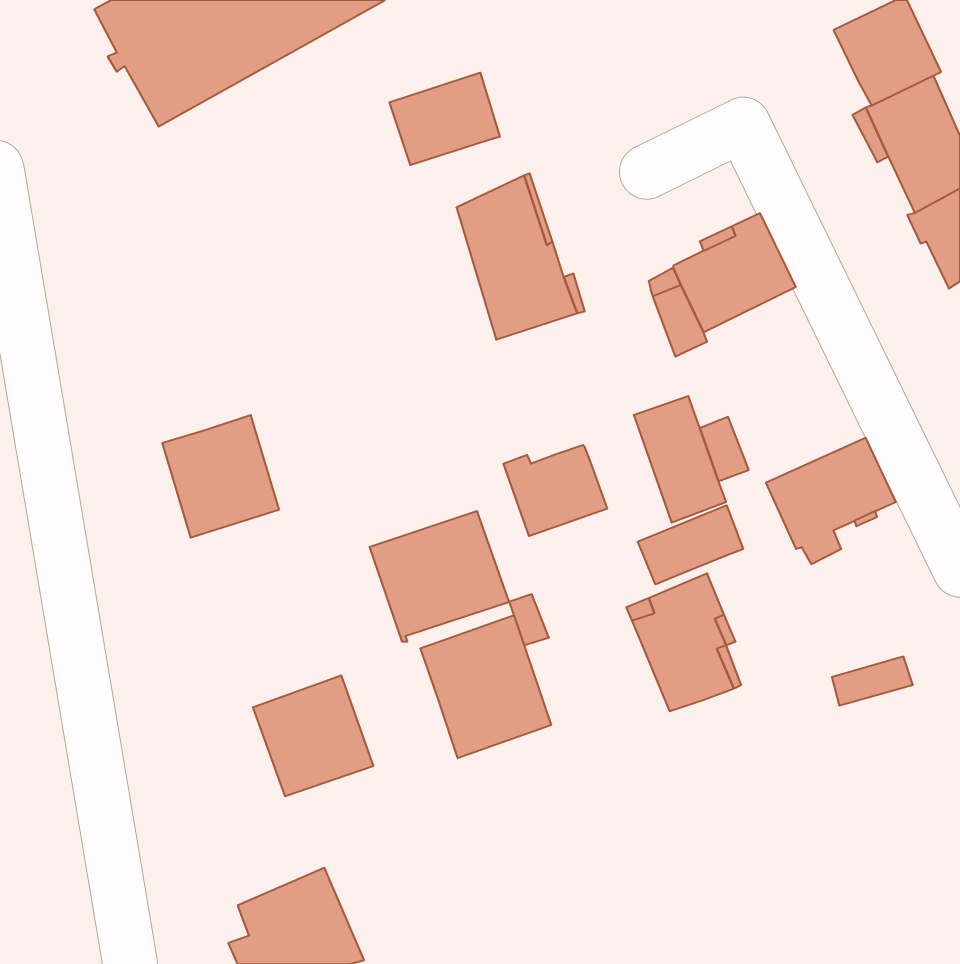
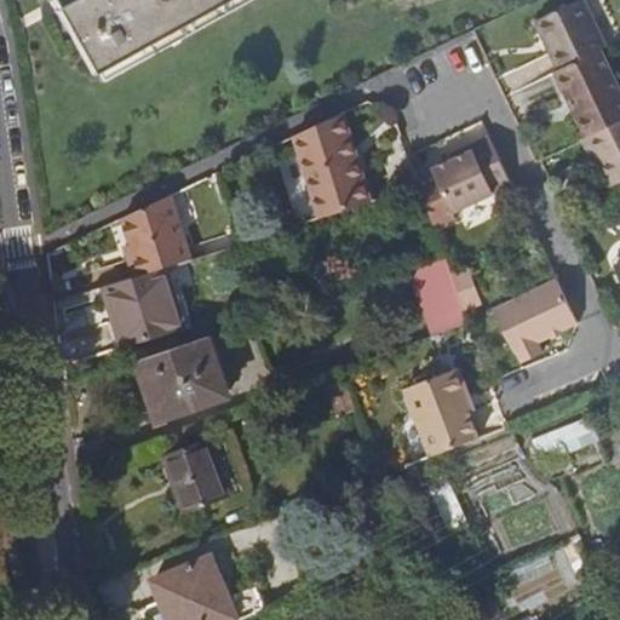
building: [390,73,500,165] -> none
building: none -> [119,193,188,276]
building: [503,445,607,536] -> none
building: [638,505,743,584] -> none
building: [370,511,509,641] -> [136,335,225,419]
building: [420,615,551,758] -> none

